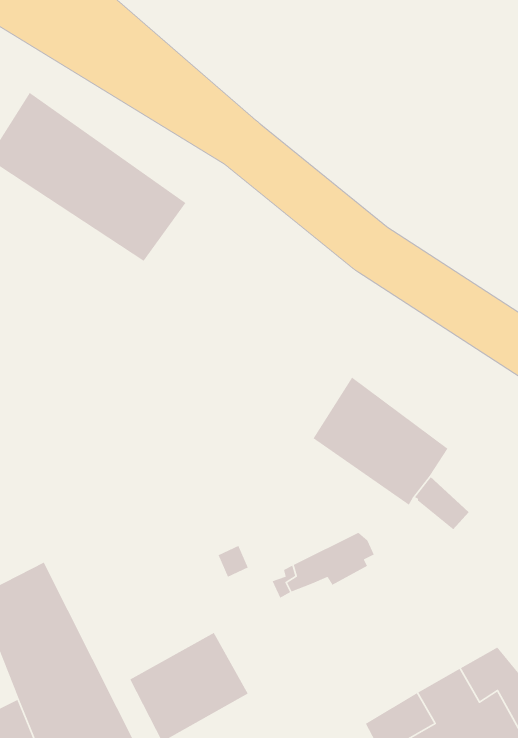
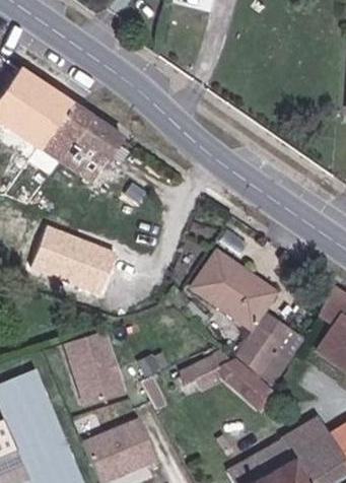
building: none -> [31,230,117,299]
building: none -> [236,327,284,375]
building: none -> [57,331,120,403]
building: none -> [197,361,272,409]

